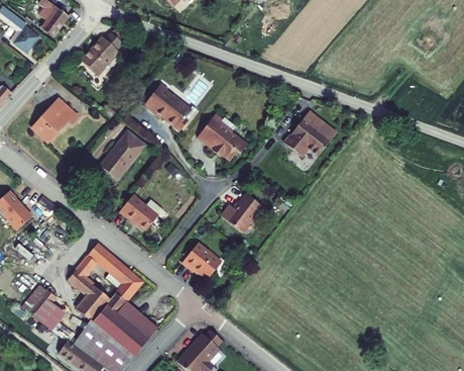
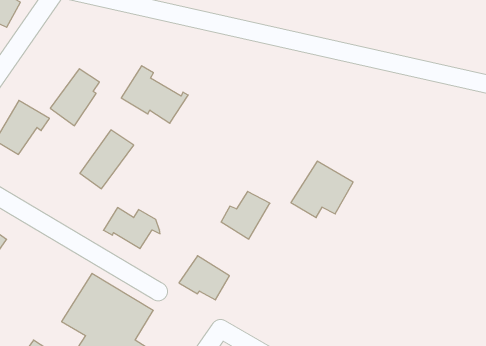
building: [74,30,117,77] -> [50,69,99,126]
building: [284,109,338,156] -> [291,161,353,218]
building: [198,112,243,157] -> none

